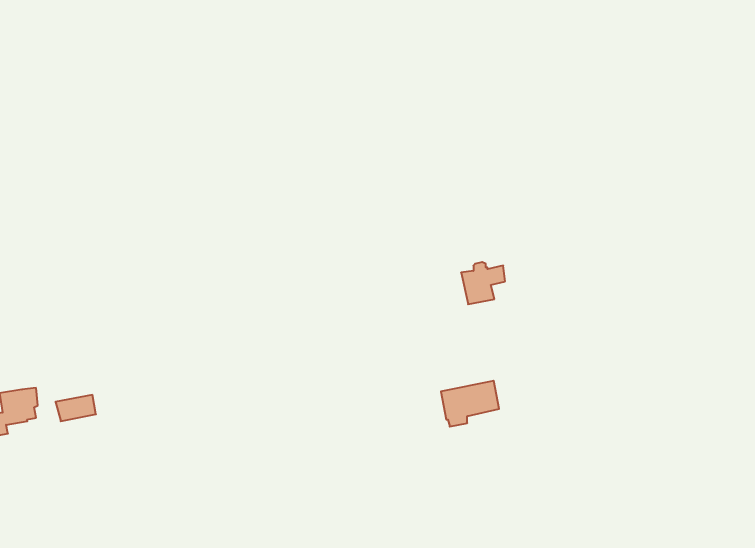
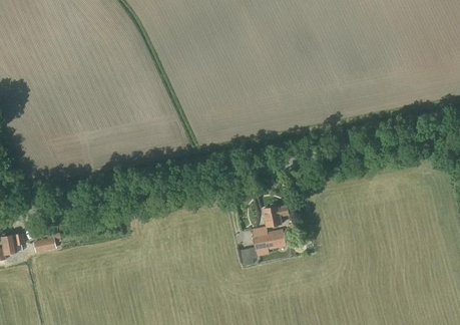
building: [461,262,505,304] -> [263,203,288,227]

